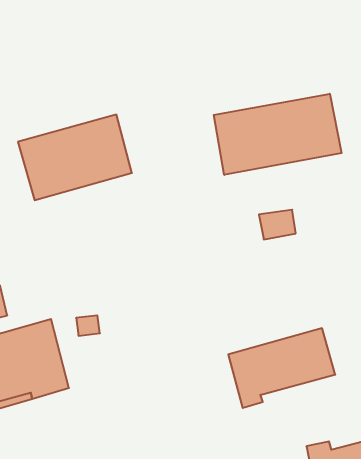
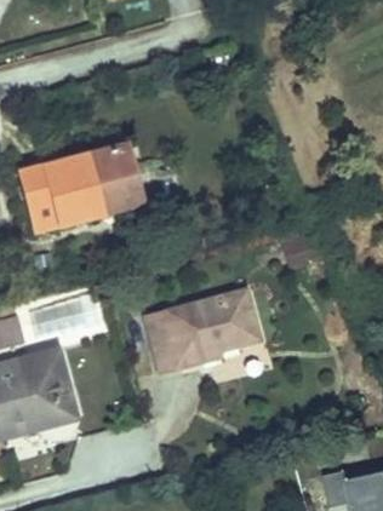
building: [214,94,342,175] -> none
building: [228,328,335,408] -> [152,288,261,369]

